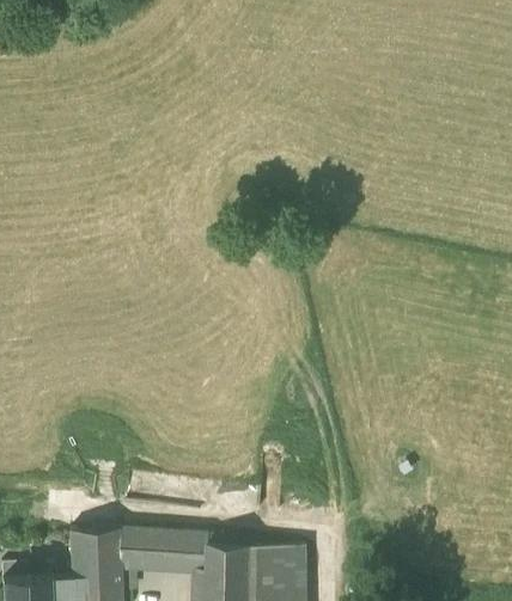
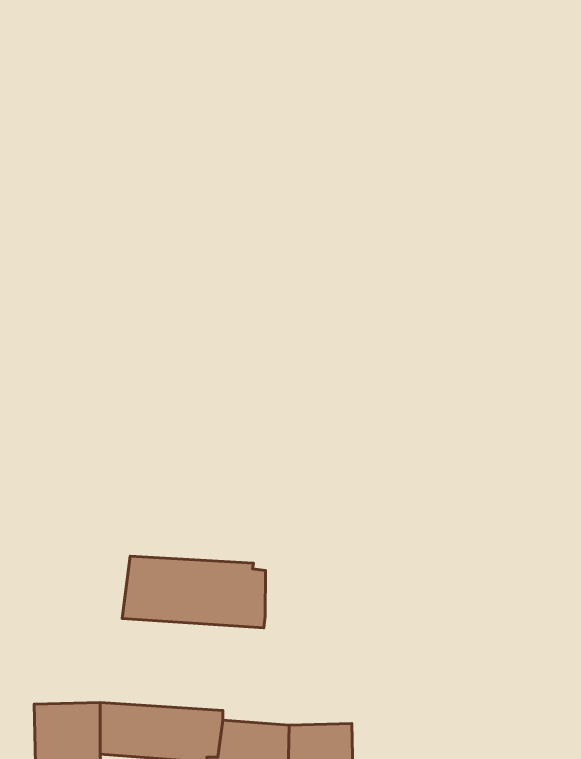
building: none -> [122,556,266,628]

